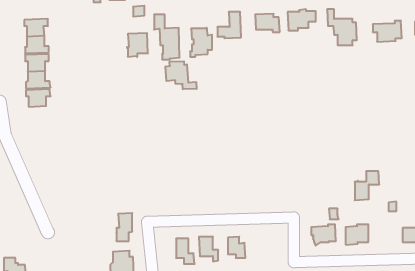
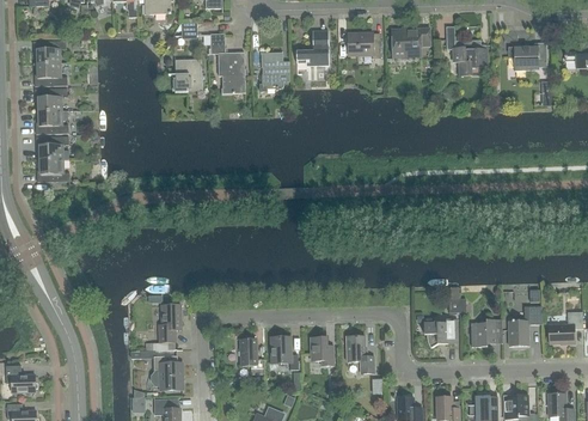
building: [166,61,197,89] -> none
building: none -> [37,158,69,182]
building: [355,171,379,200] -> [509,306,543,346]
building: none -> [347,335,374,373]

